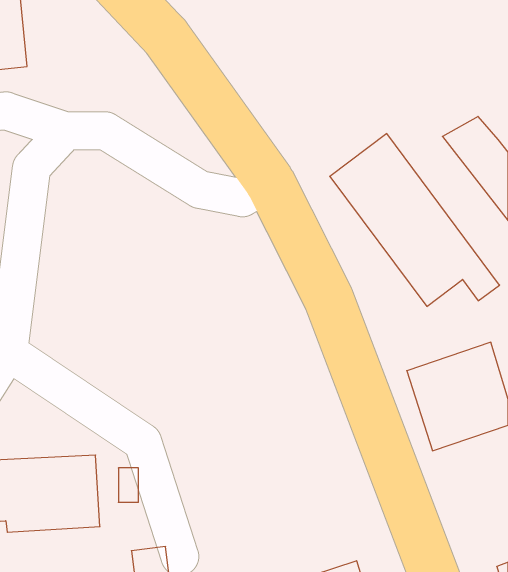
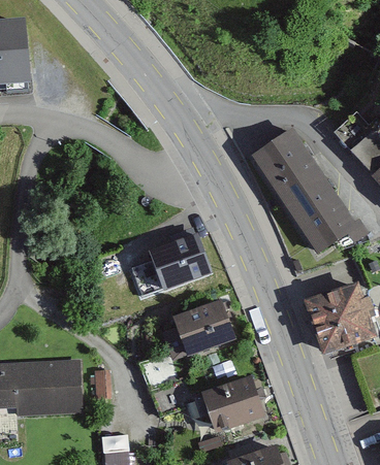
building: none -> [130,227,212,294]
building: none -> [155,297,231,361]
building: none -> [185,372,264,440]

